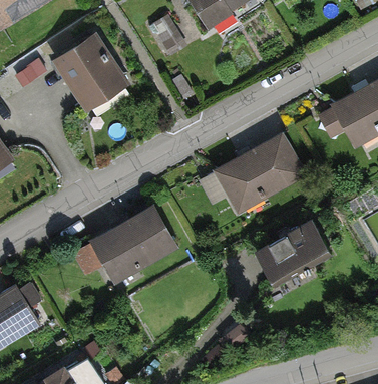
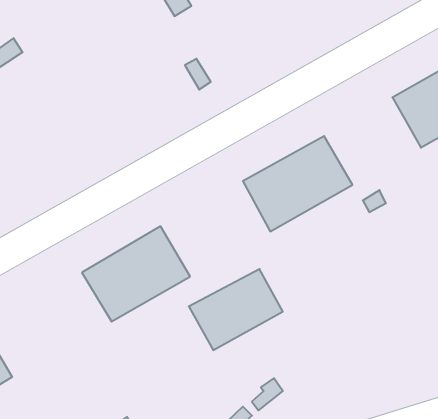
building: [56,35,122,103] -> none
building: [257,222,330,285] -> [189,269,283,350]

